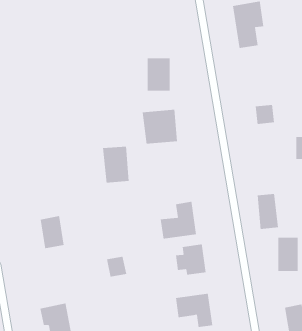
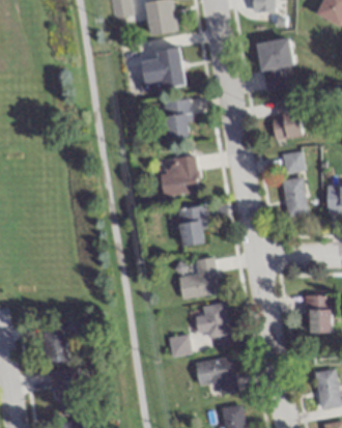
building: none -> [141,46,186,89]
building: none -> [272,98,304,138]
building: [102,146,130,183] -> [178,205,208,246]
building: [257,193,279,229] -> [284,176,308,216]
building: [40,216,64,249] -> [41,329,68,365]
building: [106,256,127,277] -> [169,334,192,356]

